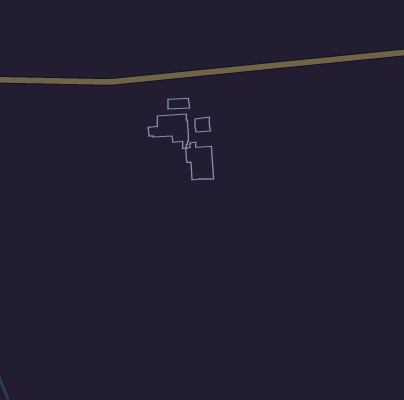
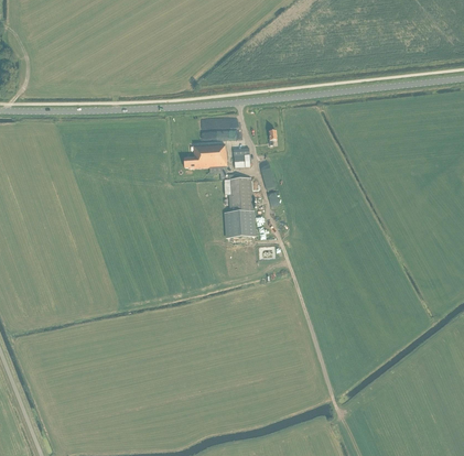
building: none -> [225,210,253,236]

